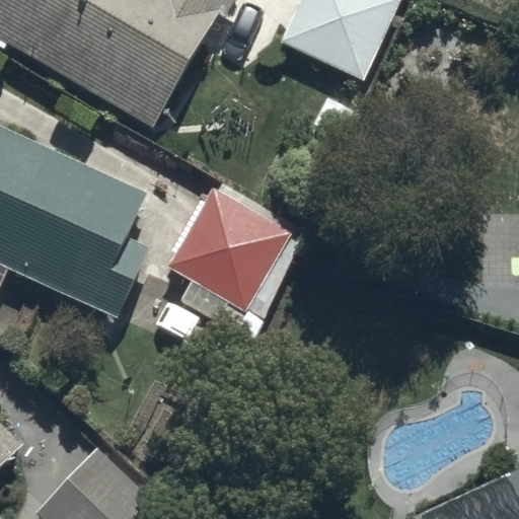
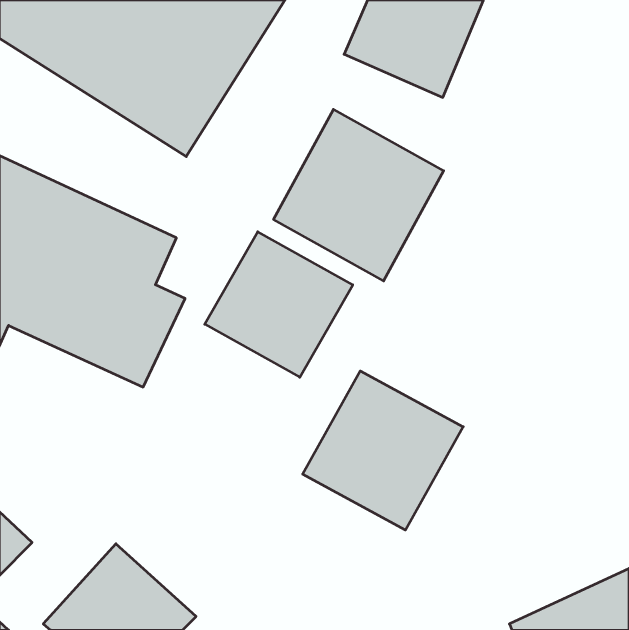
building: none -> [274,109,444,281]
building: none -> [303,371,463,530]

